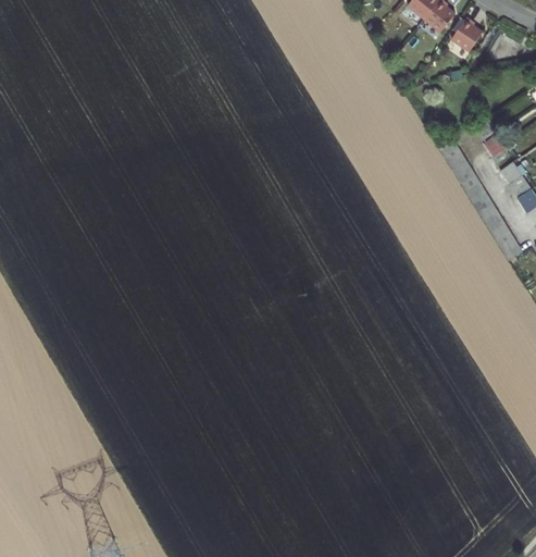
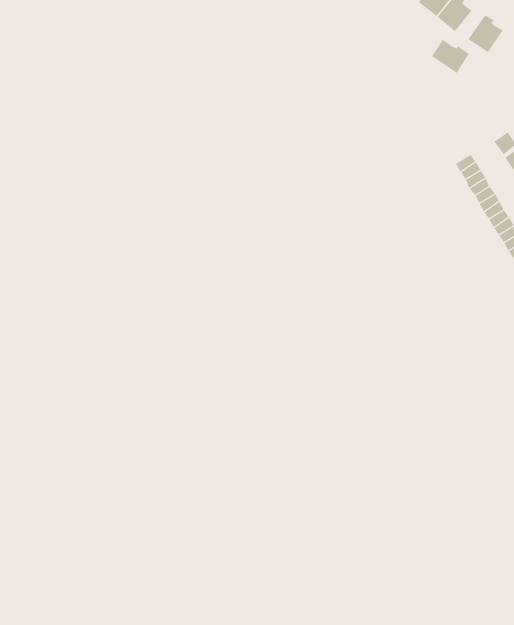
building: none -> [431,39,469,74]

